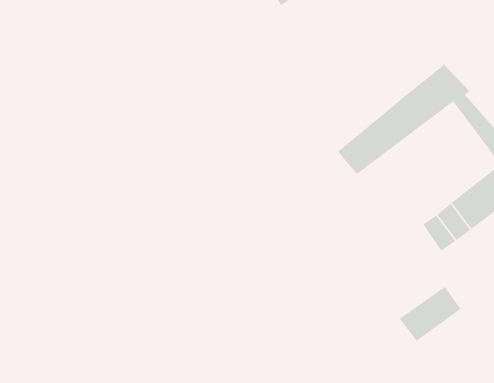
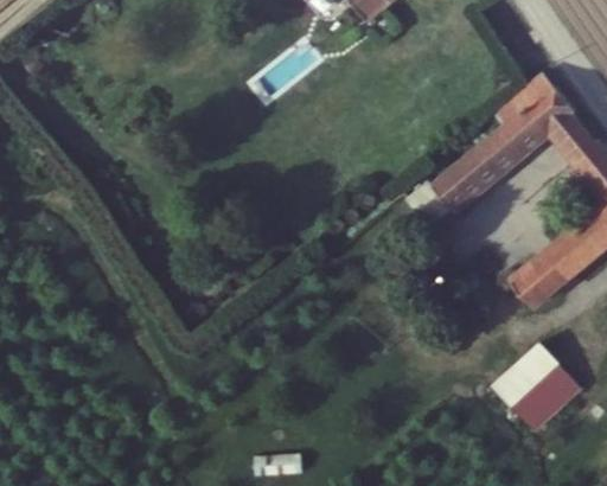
building: none -> [513,358,580,417]

